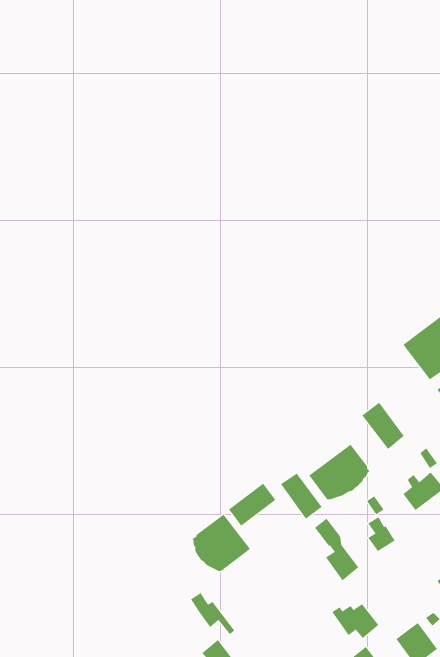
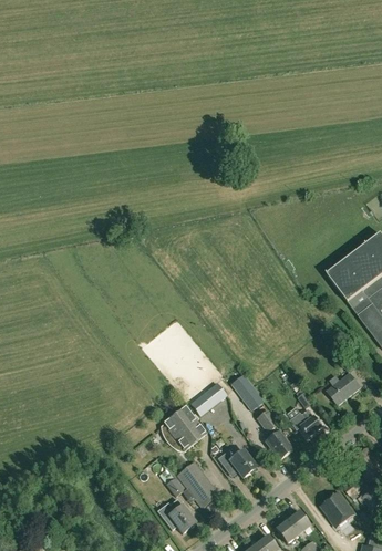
building: [361,402,405,450] -> none
building: [309,444,370,500] -> none
building: none -> [177,461,218,507]
building: [331,604,379,639] -> [218,450,256,478]

